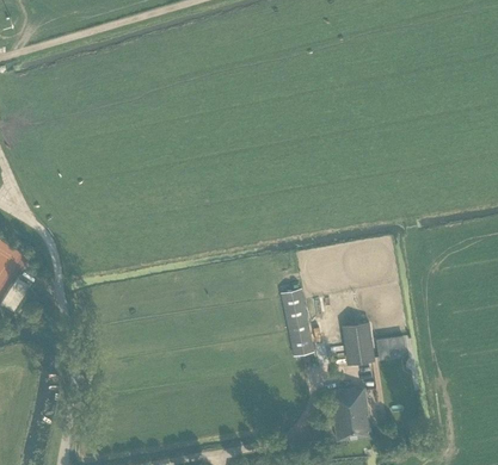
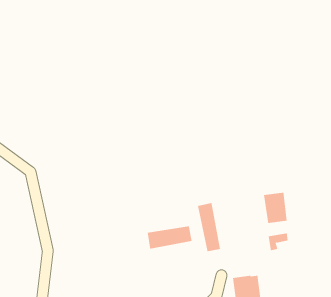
building: none -> [147,225,192,250]
building: [340,322,374,365] -> [263,192,288,223]

